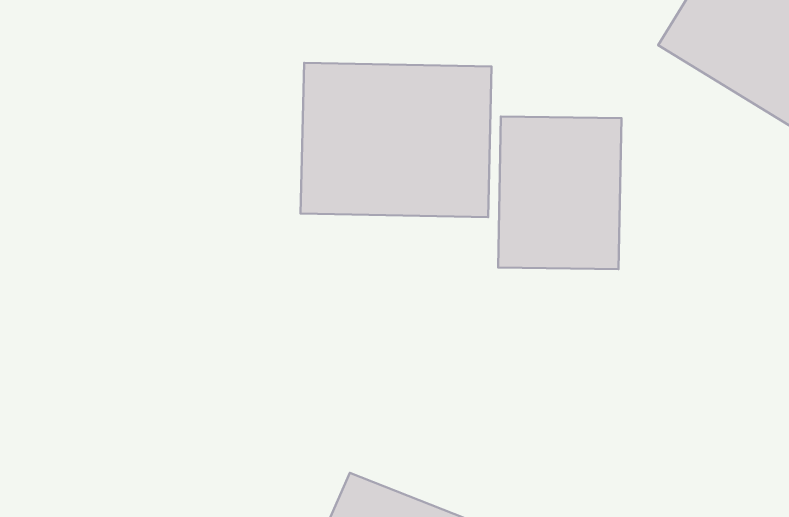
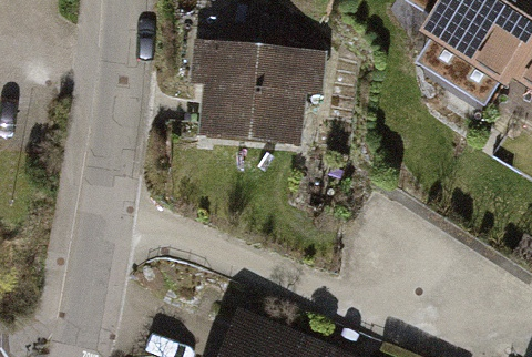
building: [498,117,621,269] -> none

